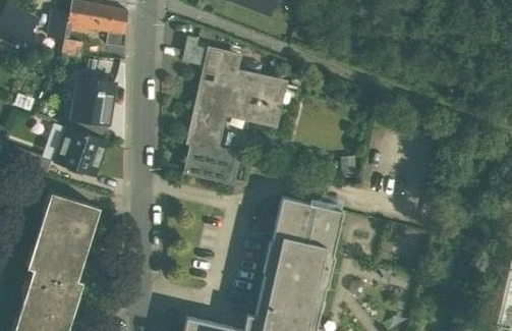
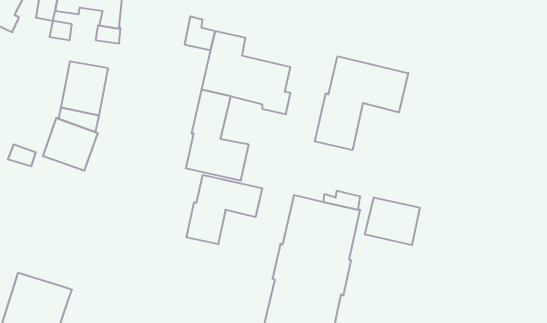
building: none -> [315,56,408,150]
building: none -> [187,175,262,244]
building: [26,192,99,281] -> none
building: none -> [365,197,420,245]

